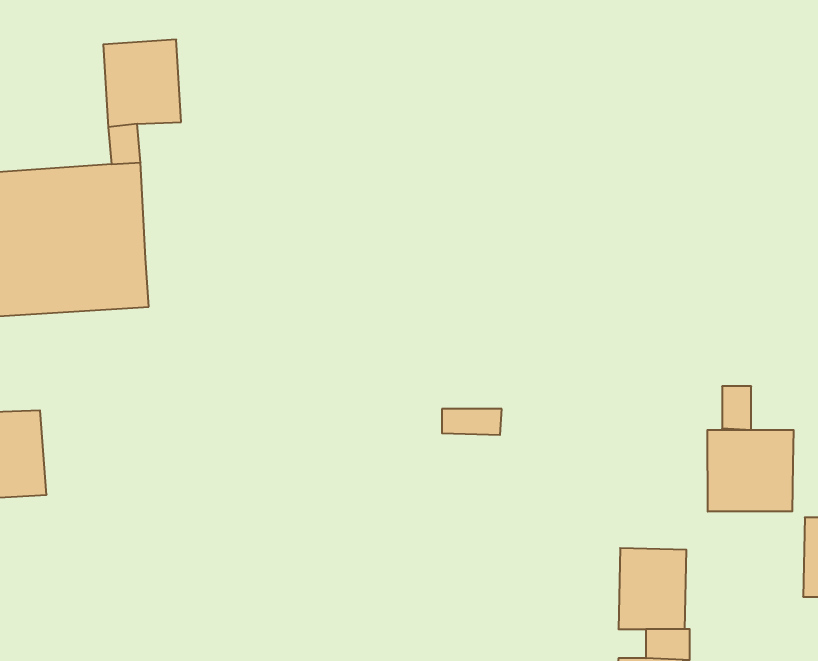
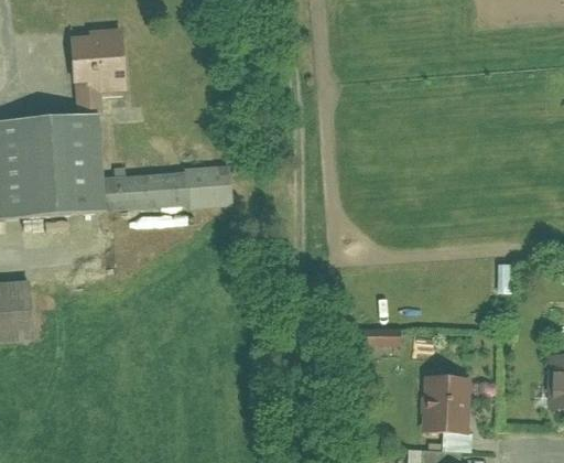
building: none -> [101,164,232,211]
building: [442,409,502,435] -> [361,329,402,346]
building: [707,430,794,512] -> none

